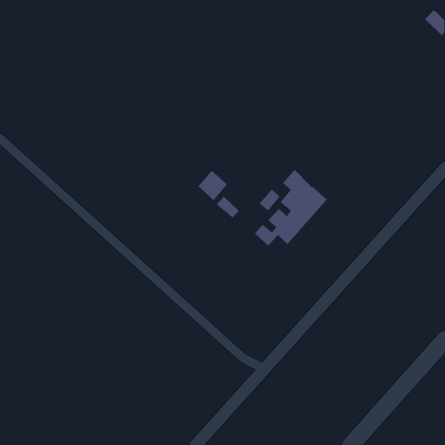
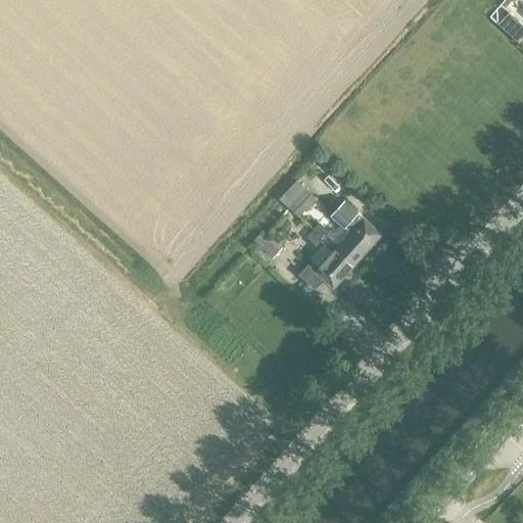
building: [197,170,228,201] -> [279,180,315,217]

